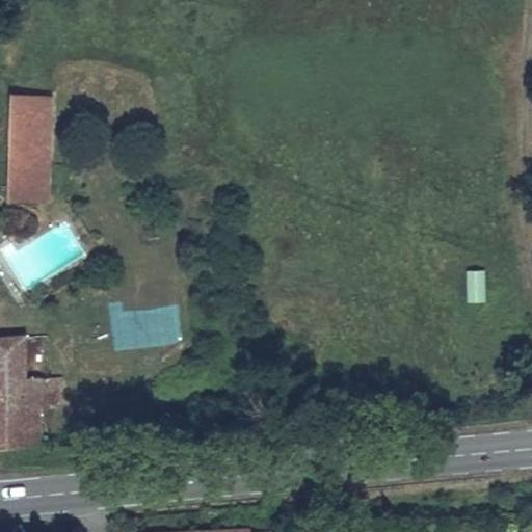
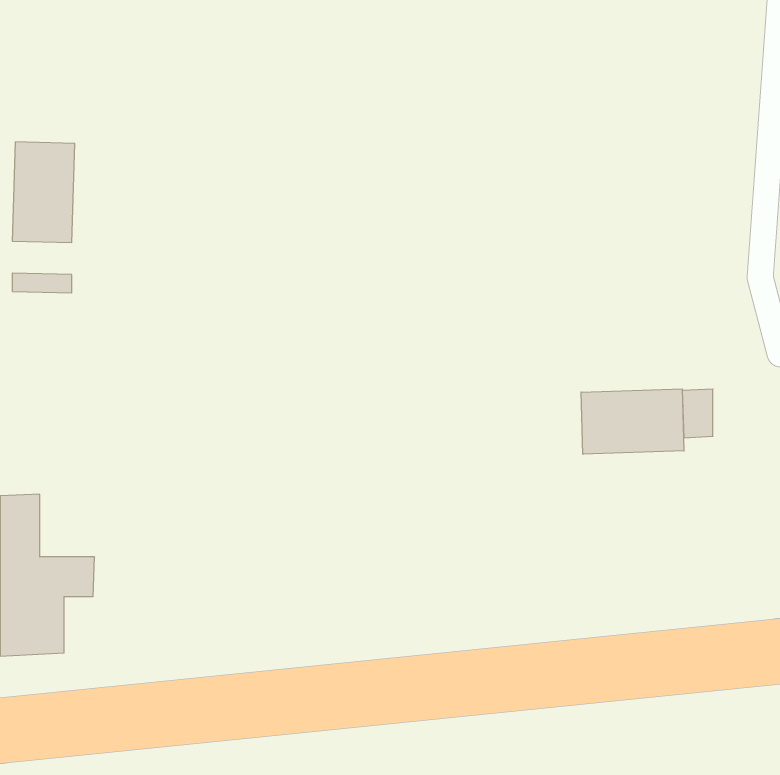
building: [8,164,49,187] -> none
building: none -> [581,389,684,454]

